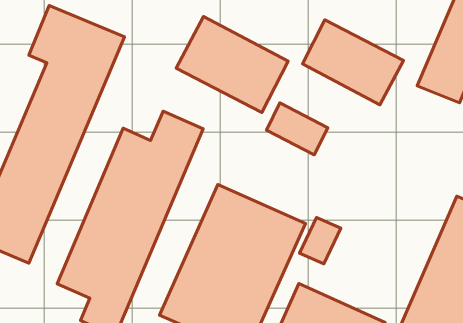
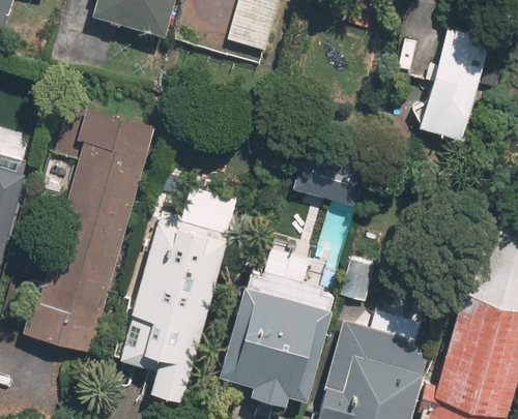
building: [176,17,288,113] -> none
building: [302,20,404,105] -> none

